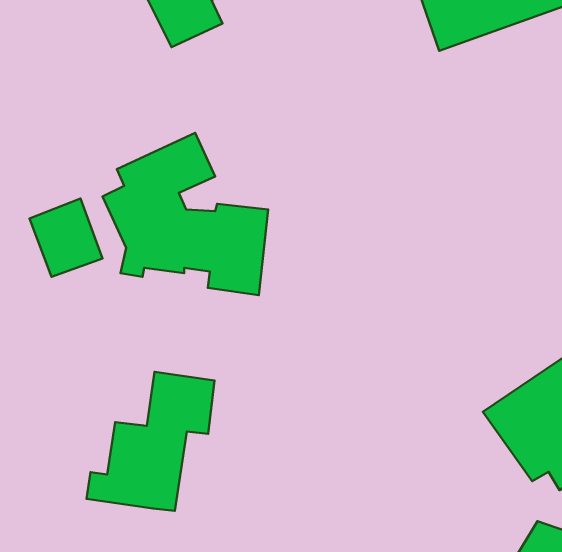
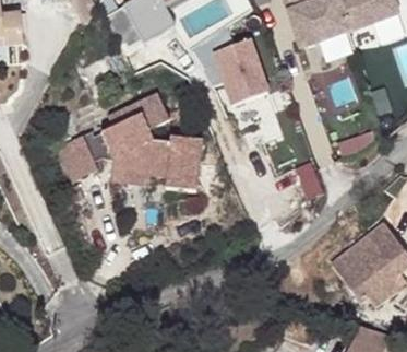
building: none -> [211,38,266,102]
building: [87,372,214,511] -> none

